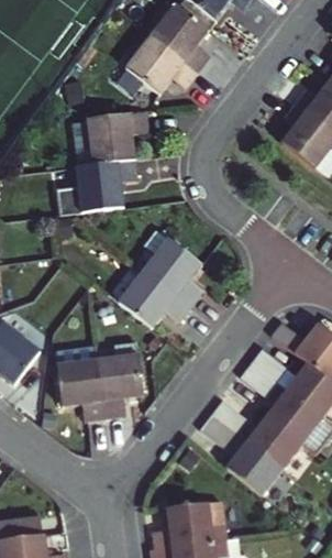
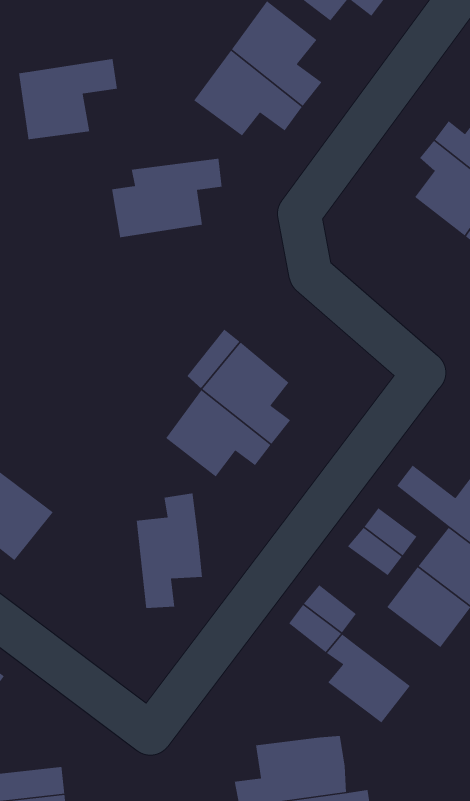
building: [76,158,143,214] -> [18,58,118,140]
building: [56,357,101,418] -> none
building: [243,415,299,468] -> none

